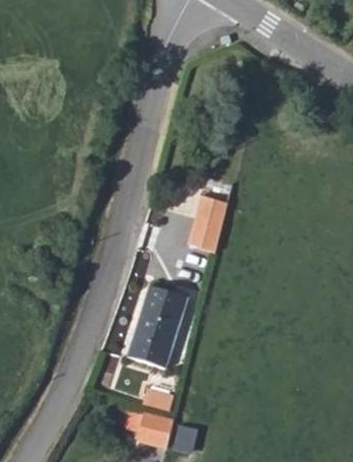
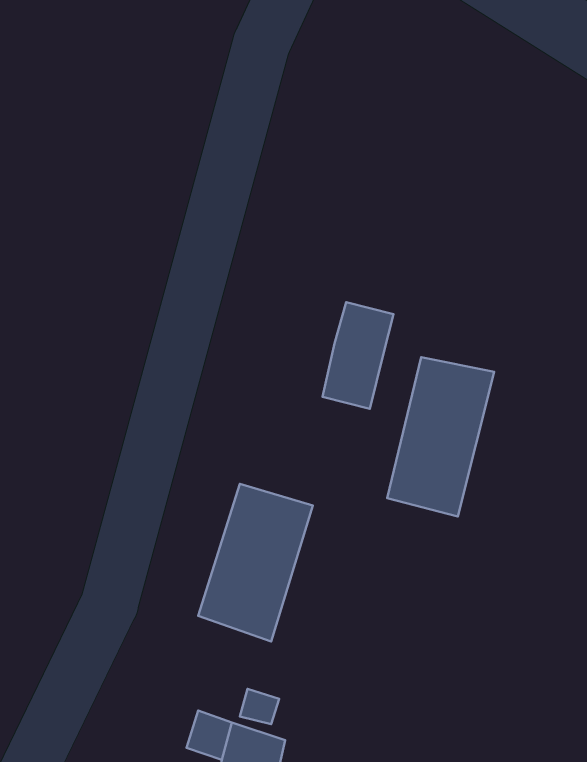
building: none -> [387,357,494,516]

